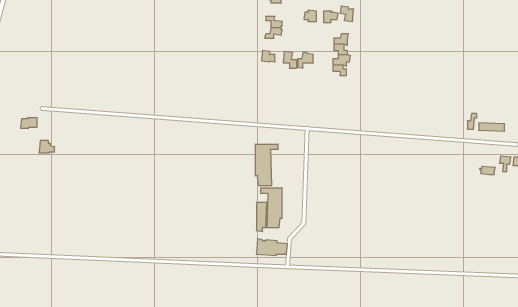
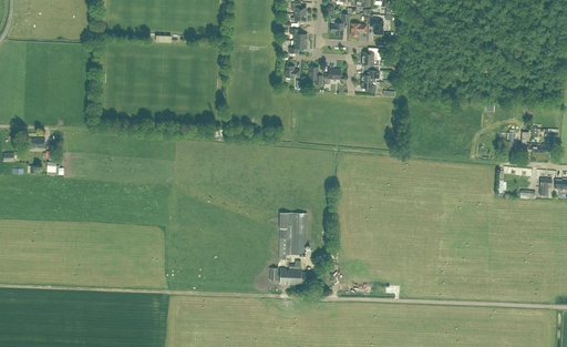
building: [255,144,278,186] -> none

